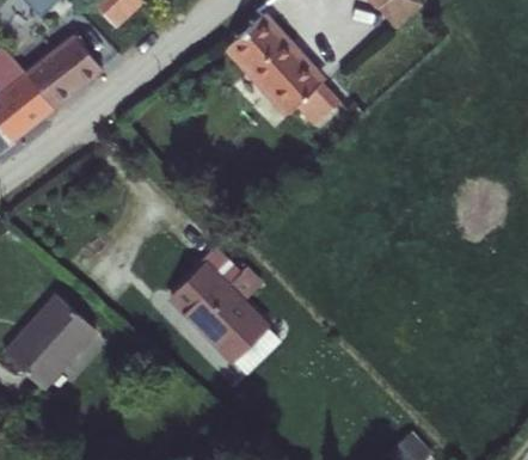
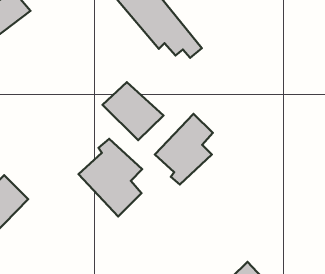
building: none -> [103,82,164,140]
building: none -> [155,114,213,184]

